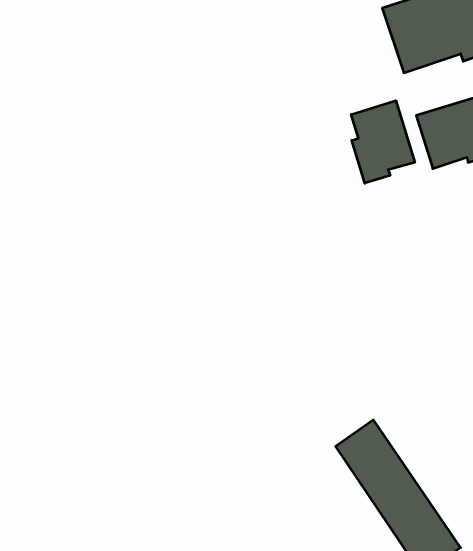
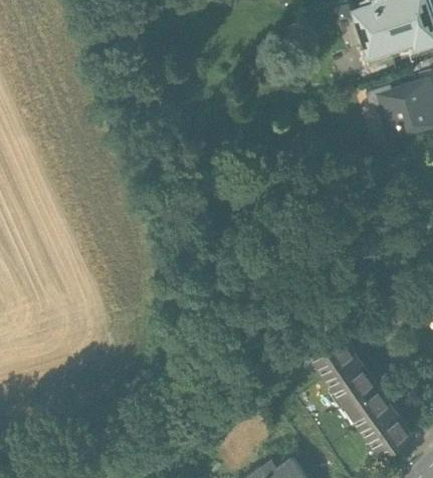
building: [351,101,415,183] -> none

